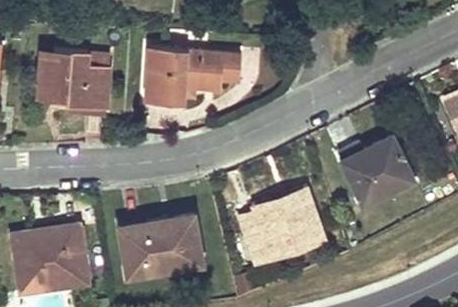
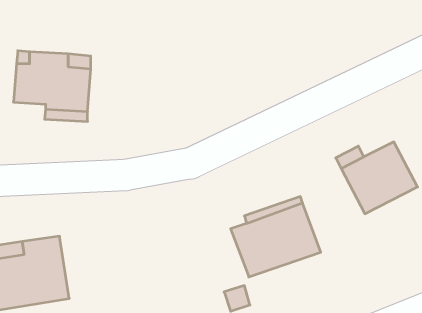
building: [144,49,240,104] -> none
building: [120,215,204,278] -> none

